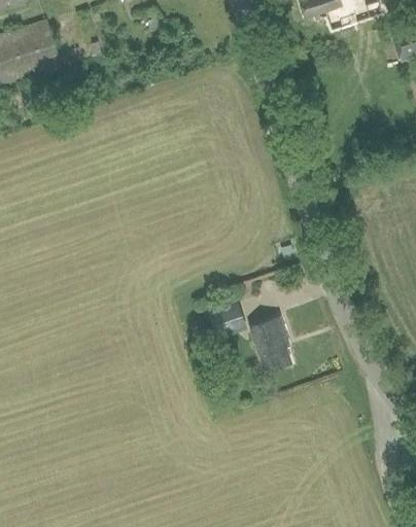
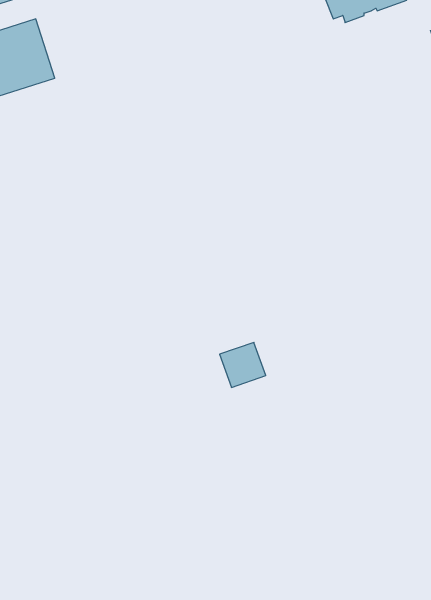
building: [250,316,291,370] -> none

